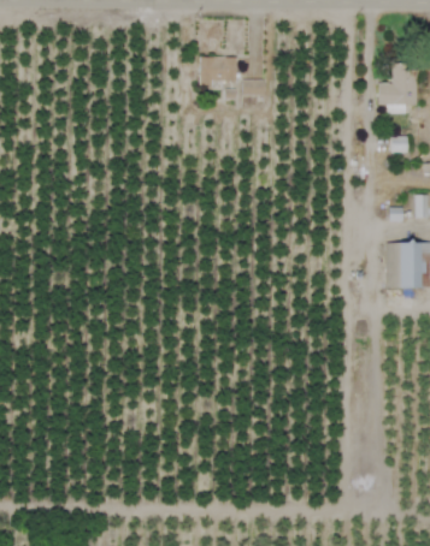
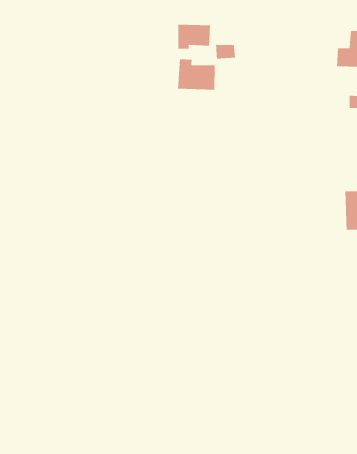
building: none -> [177,58,216,90]

